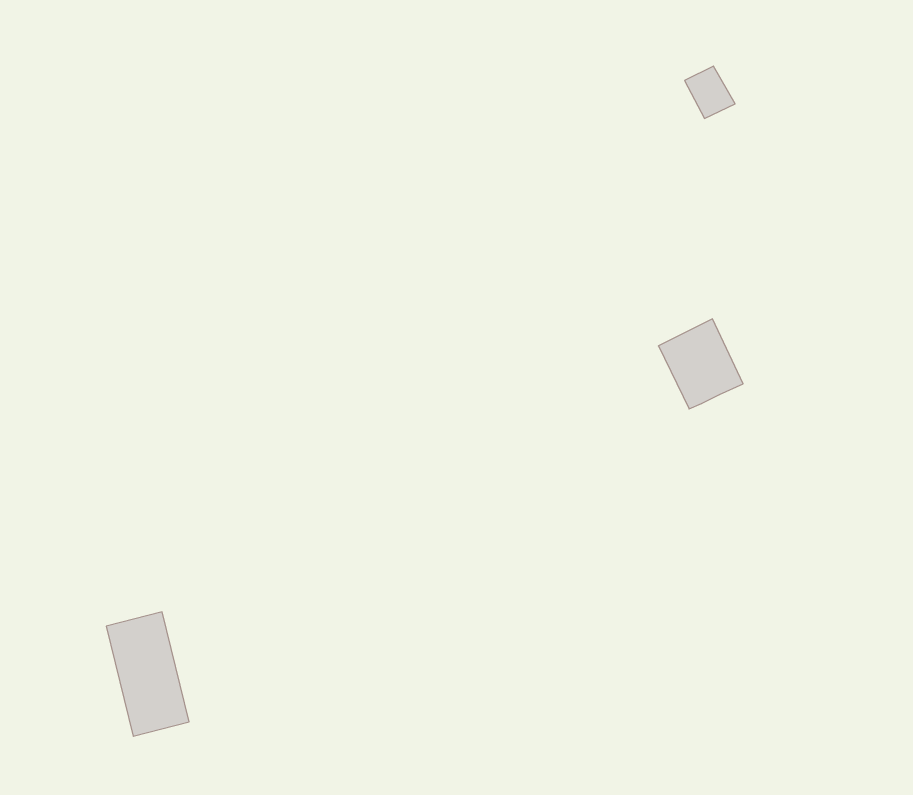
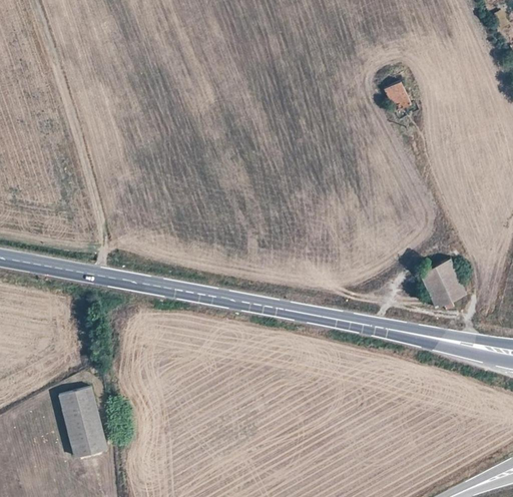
building: [658,319,743,409] -> [418,260,465,310]

